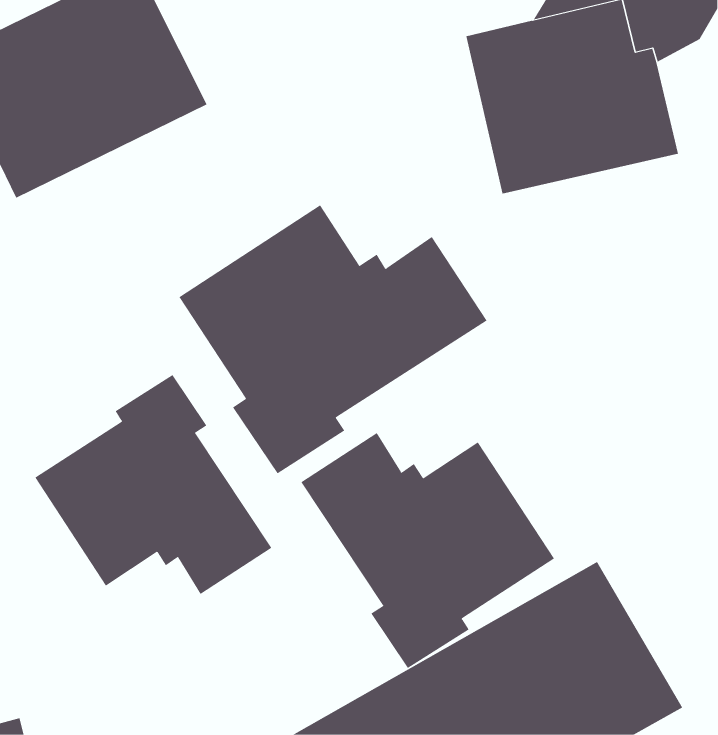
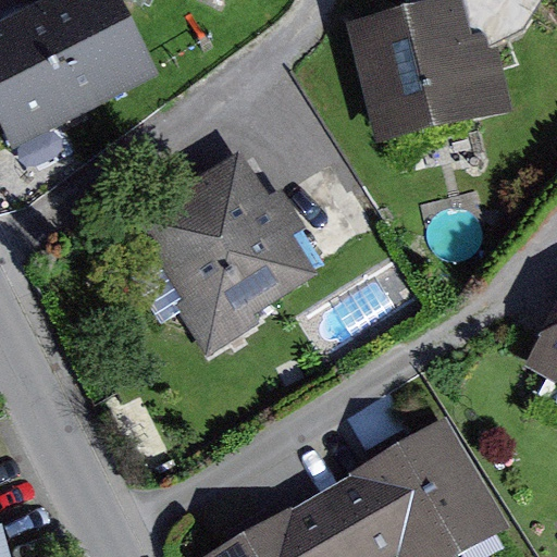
building: [35,374,272,595] -> none
building: [301,432,555,669] -> none

